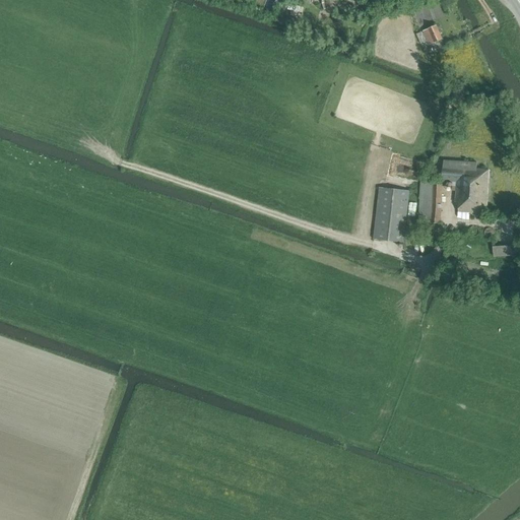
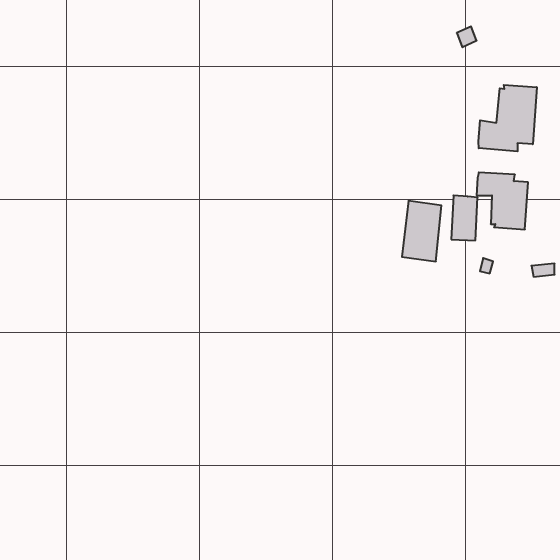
building: none -> [478,85,537,151]

